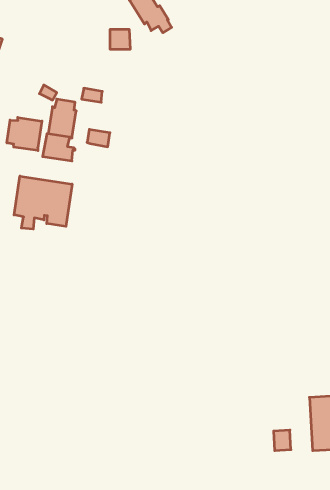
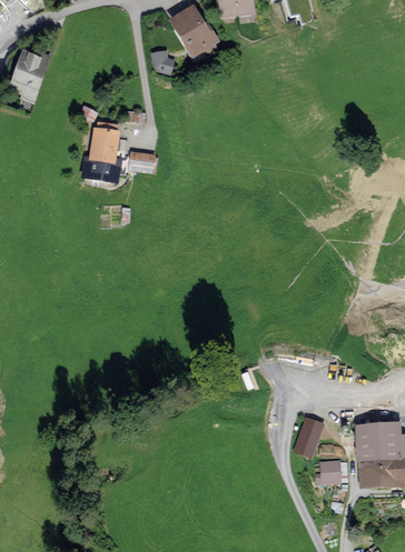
building: [7,117,42,151] -> none
building: [14,176,72,229] -> none
building: none -> [295,415,324,452]

